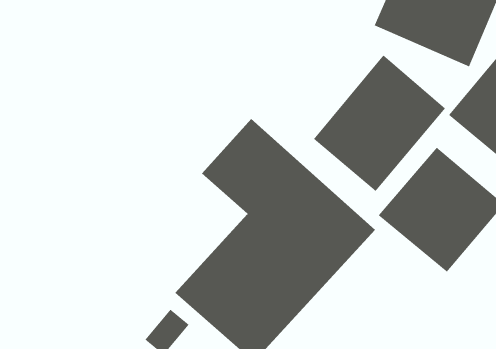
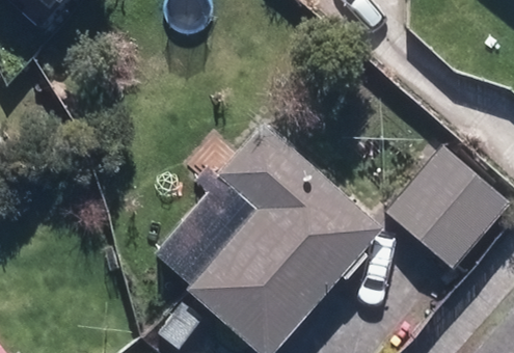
building: [313,55,446,192] -> none

